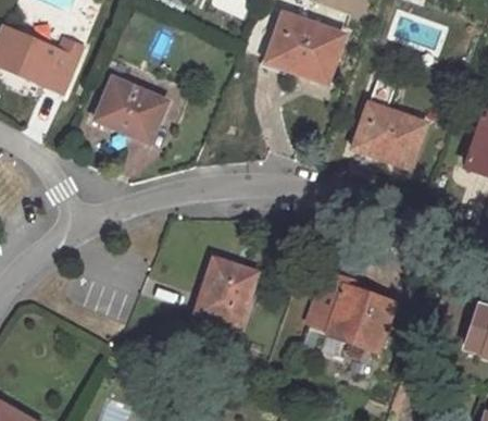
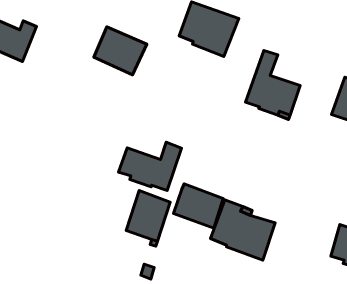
building: [95,78,164,141] -> [94,27,147,75]
building: none -> [118,142,181,191]
building: none -> [174,184,223,228]

